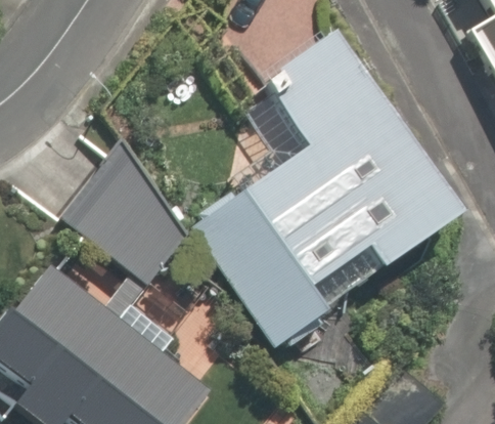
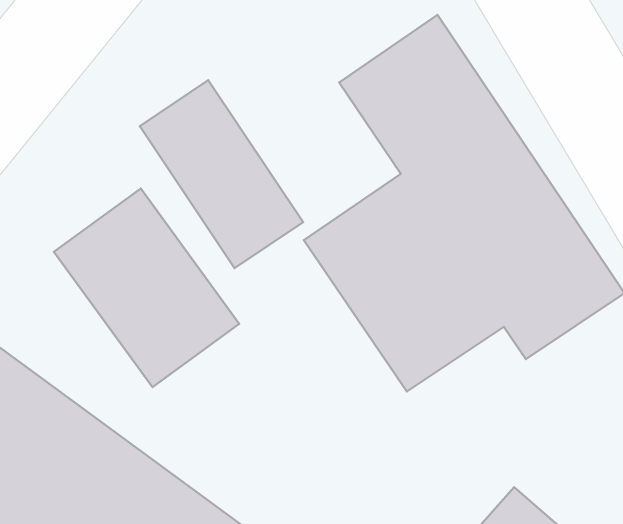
building: none -> [140,80,303,268]
building: [194,185,328,345] -> none

